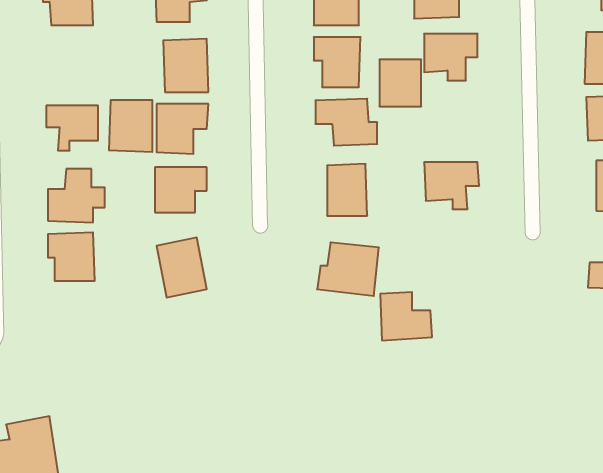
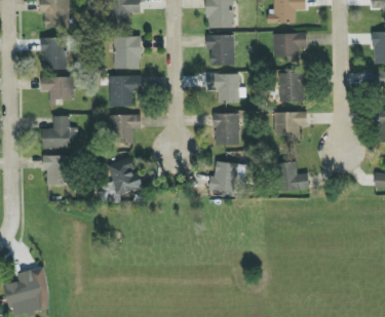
building: [379,60,421,106] -> [278,73,304,102]
building: [109,100,152,152] -> [41,38,68,70]
building: [380,292,432,340] -> [276,162,308,192]

